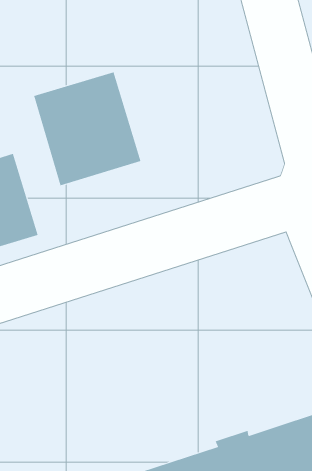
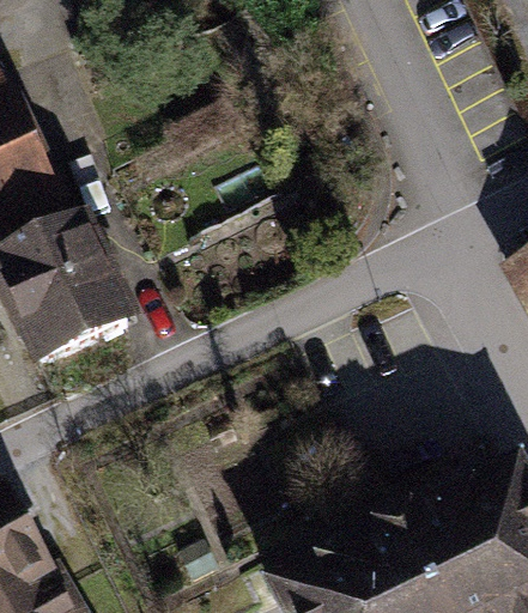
building: [33,72,141,186] -> none

